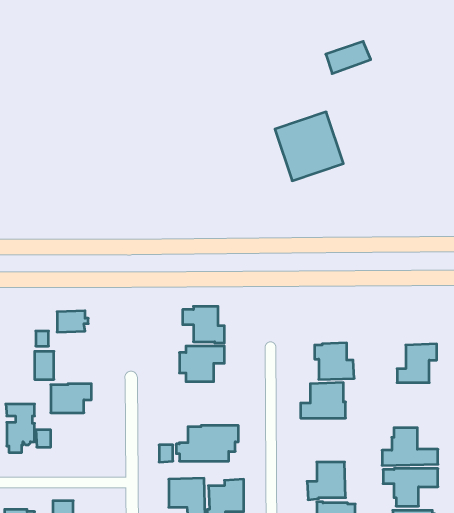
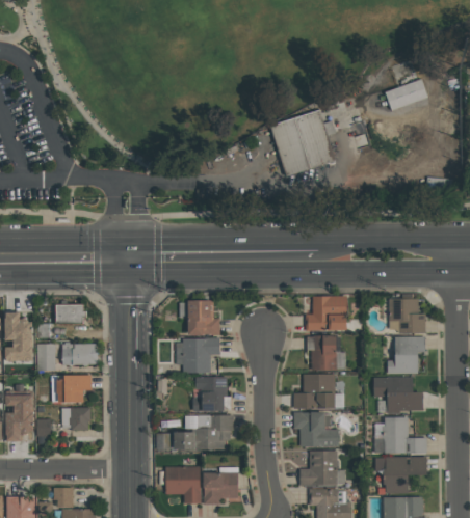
building: [326,41,371,74] -> [383,80,426,111]
building: none -> [305,296,348,330]
building: none -> [389,299,425,333]
building: none -> [7,312,34,362]
building: none -> [61,342,99,366]
building: none -> [192,377,231,411]
building: none -> [373,377,423,414]
building: none -> [59,408,90,431]
building: none -> [293,411,339,447]

